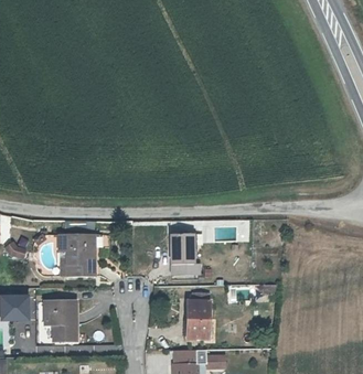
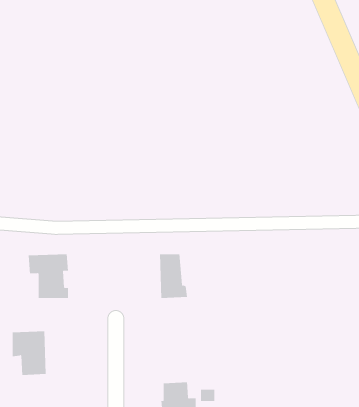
building: [186,300,207,338] -> none

